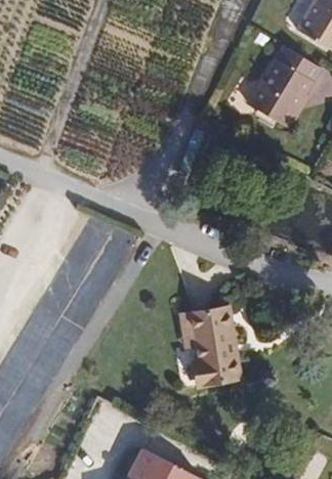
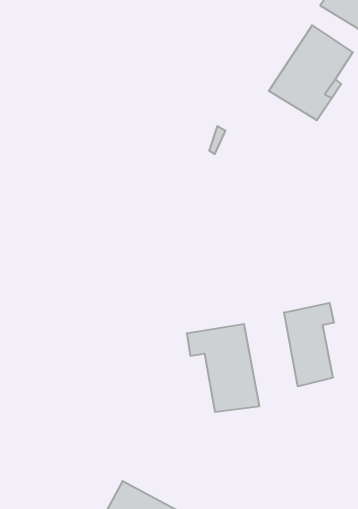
building: none -> [284,303,334,386]

